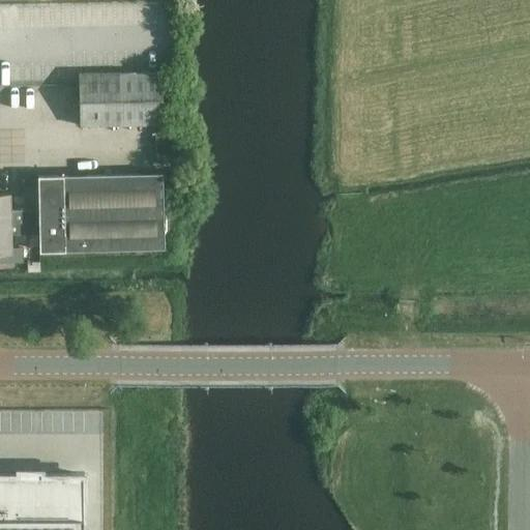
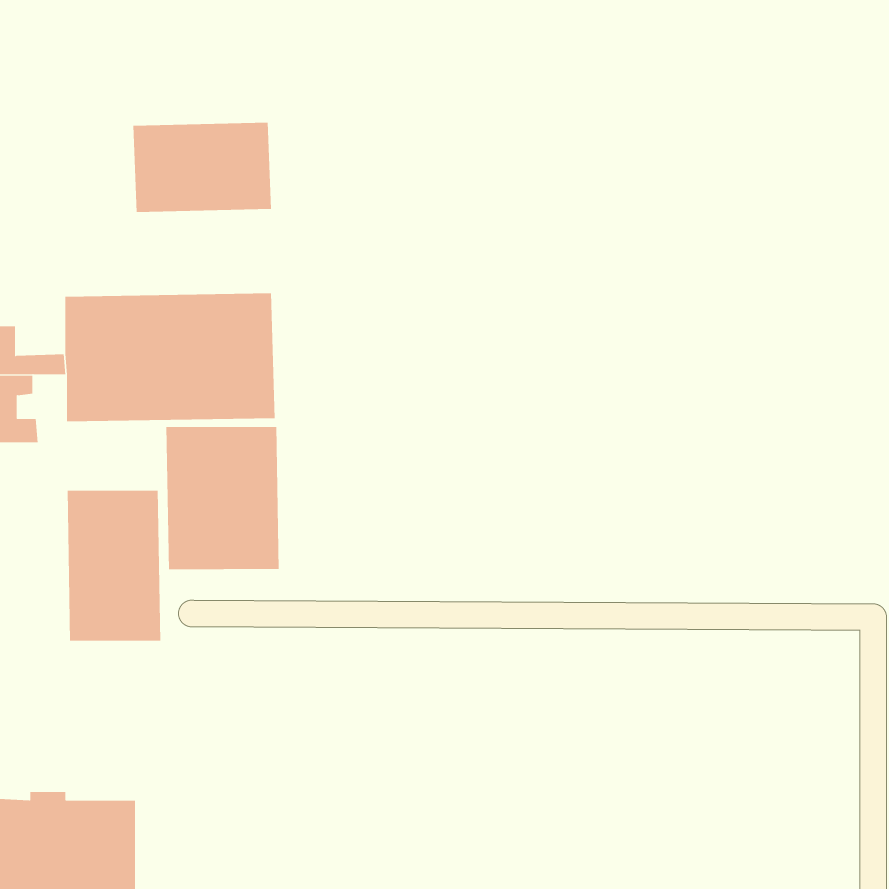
building: none -> [166,426,279,570]
building: none -> [67,490,161,642]

